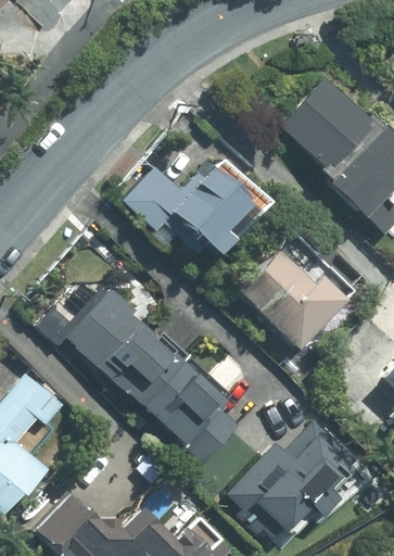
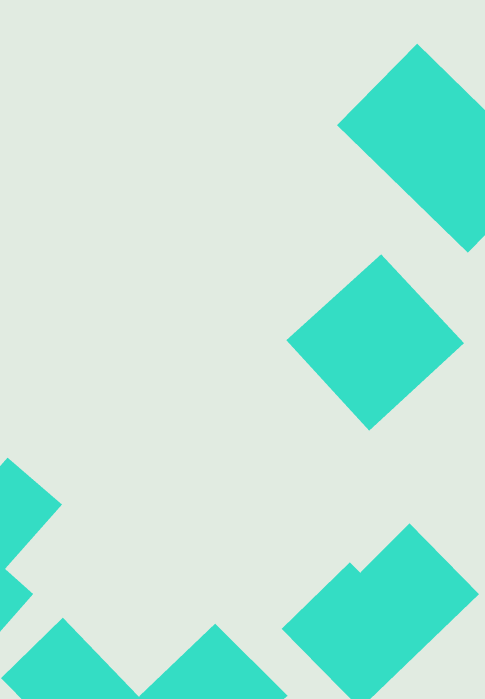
building: [122,152,281,269] -> none
building: [60,285,232,456] -> none

